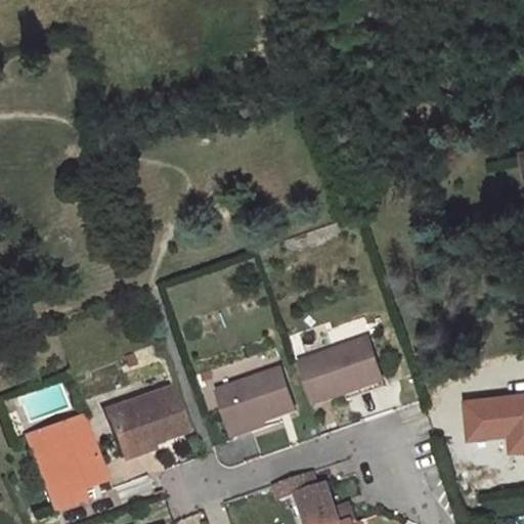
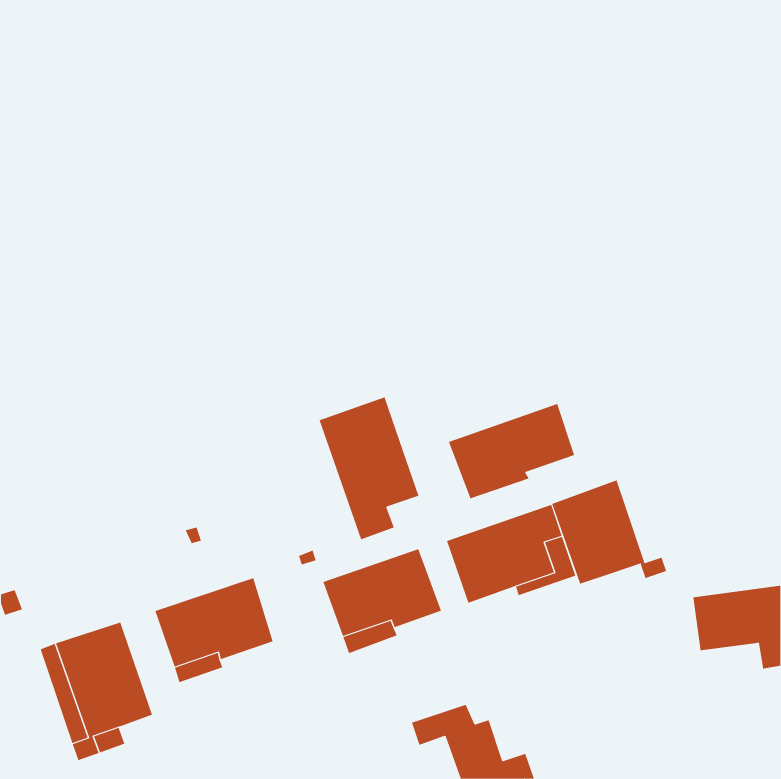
building: none -> [319,396,419,540]
building: none -> [448,403,575,499]
building: none -> [552,480,667,584]

